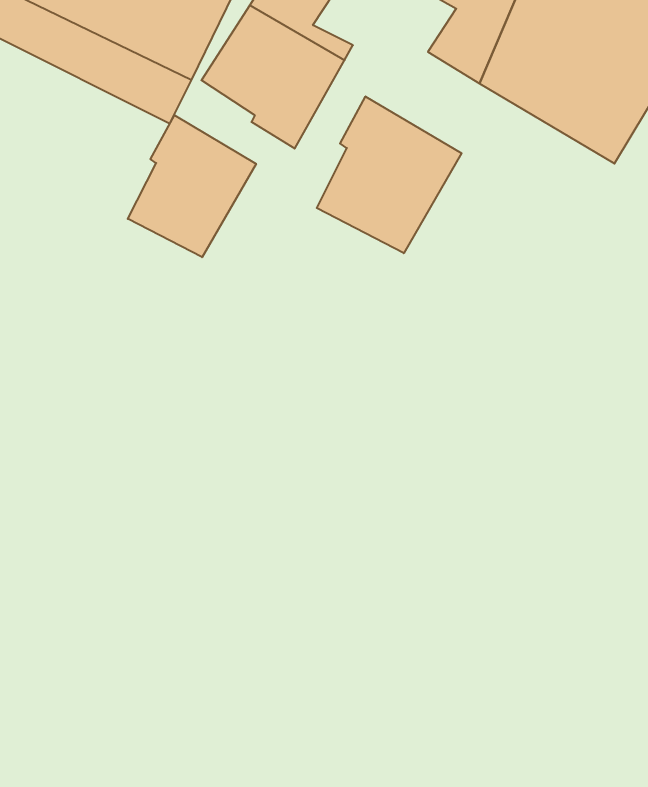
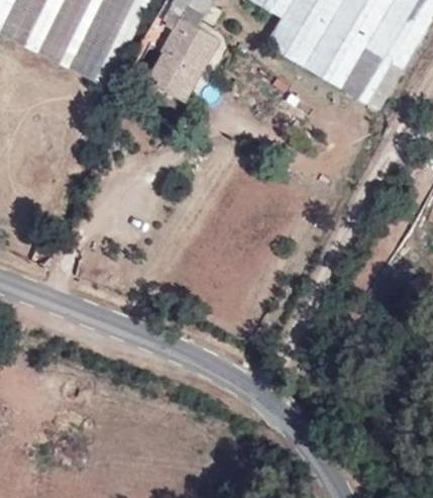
building: [317,96,462,253] -> none
building: [128,115,256,257] -> none

